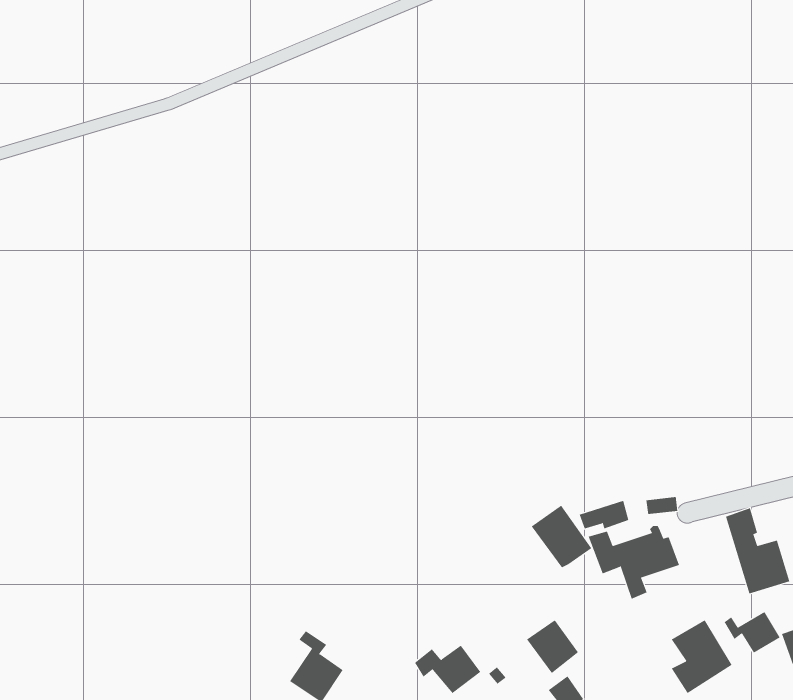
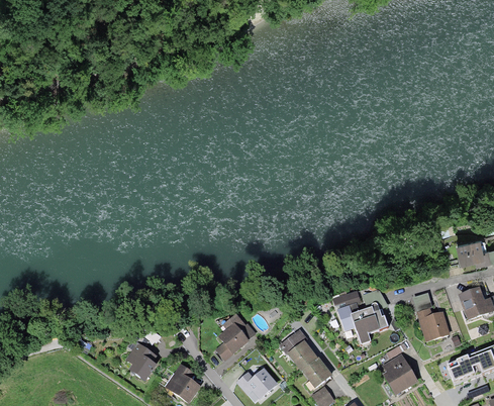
building: [531,505,592,568] -> [280,333,314,369]
building: none -> [216,316,255,360]
building: none -> [126,333,155,380]
building: [724,611,780,654] -> none

